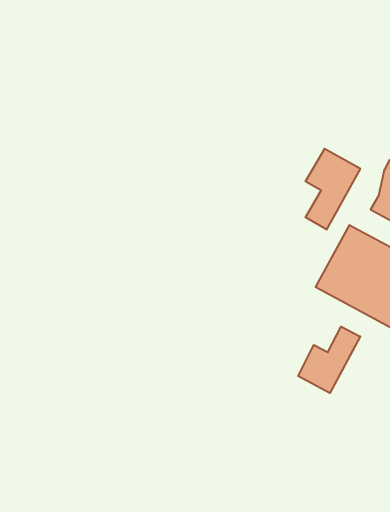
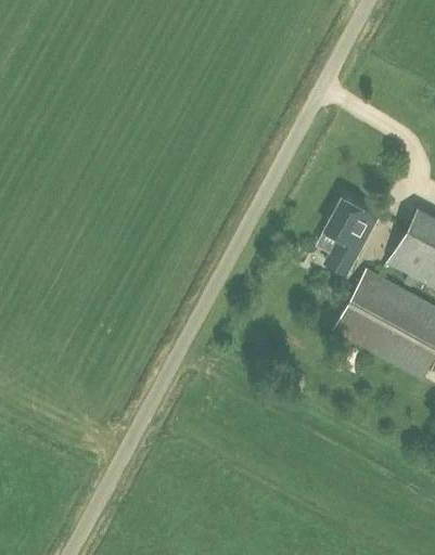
building: [298,327,360,393] -> none

